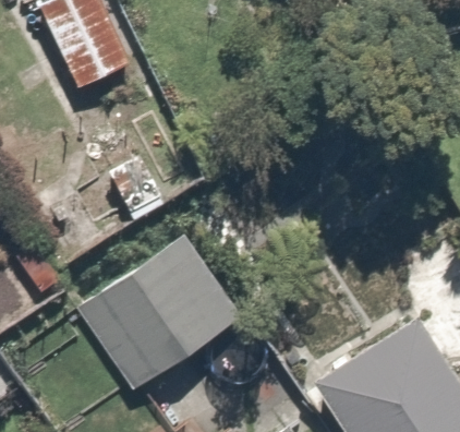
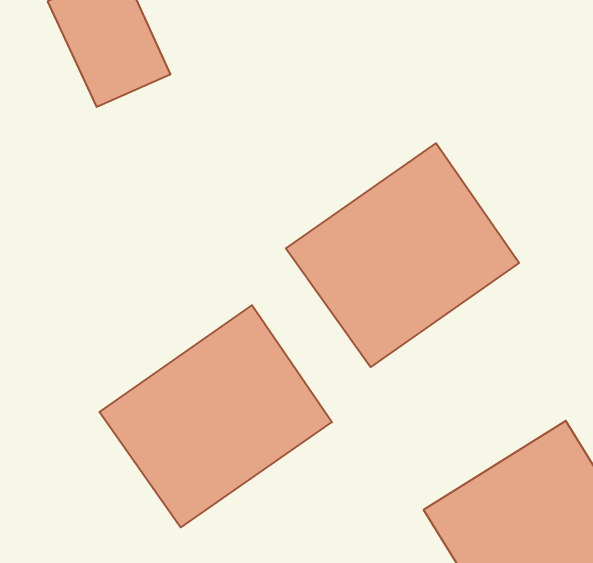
building: none -> [286,143,519,367]

